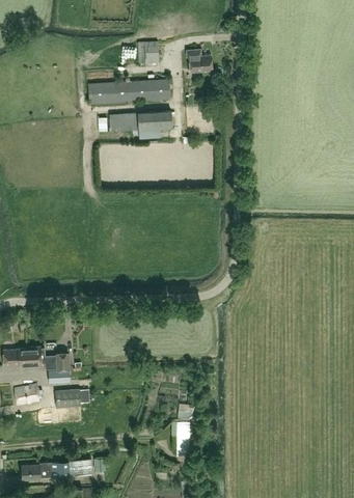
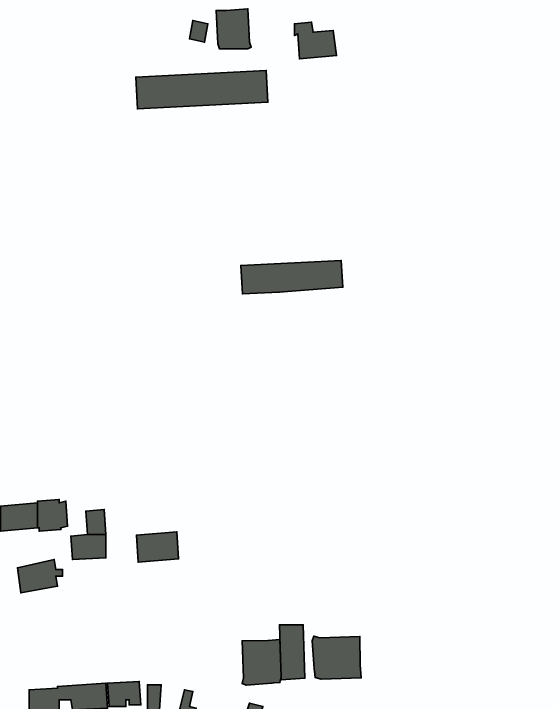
building: [108,111,171,132] -> [241,260,343,294]
building: [54,389,80,408] -> [137,532,178,562]
building: none -> [312,636,361,679]
building: none -> [242,640,281,685]

